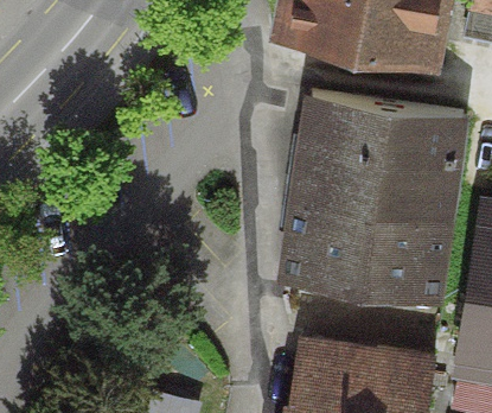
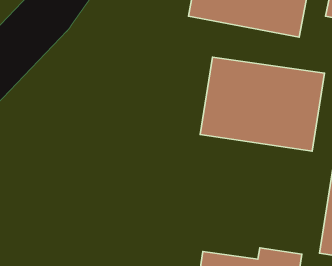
building: [283,197,447,301] -> none

